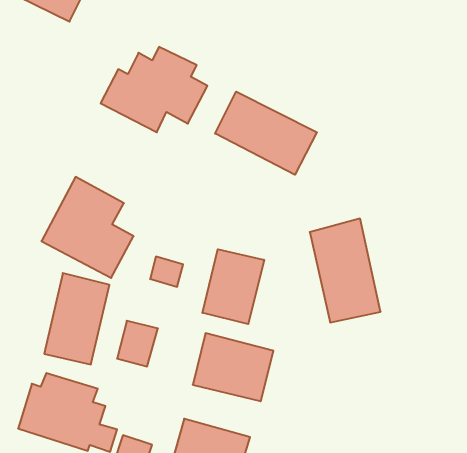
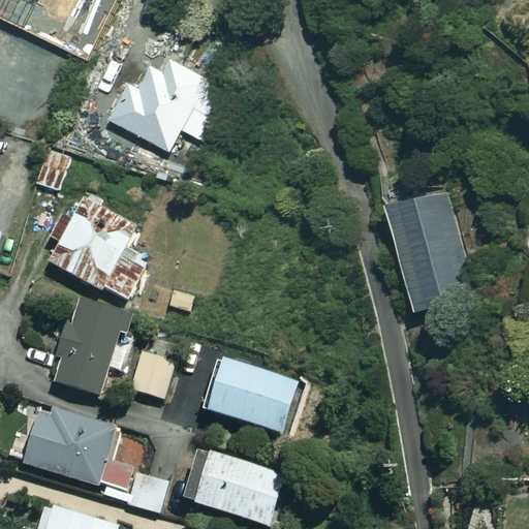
building: [215,92,317,175] -> none
building: [310,219,381,322] -> [396,194,471,305]
building: [202,249,264,324] -> none

